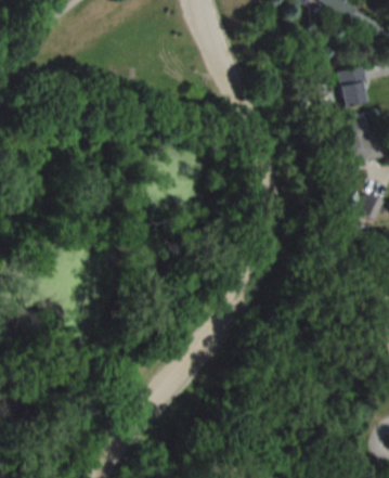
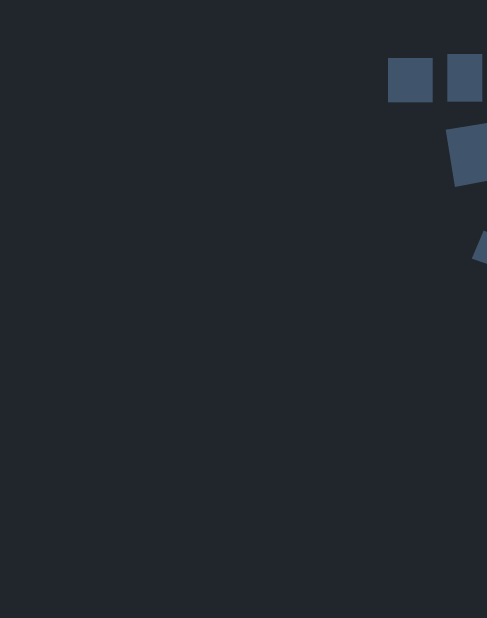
building: none -> [387,57,433,103]

